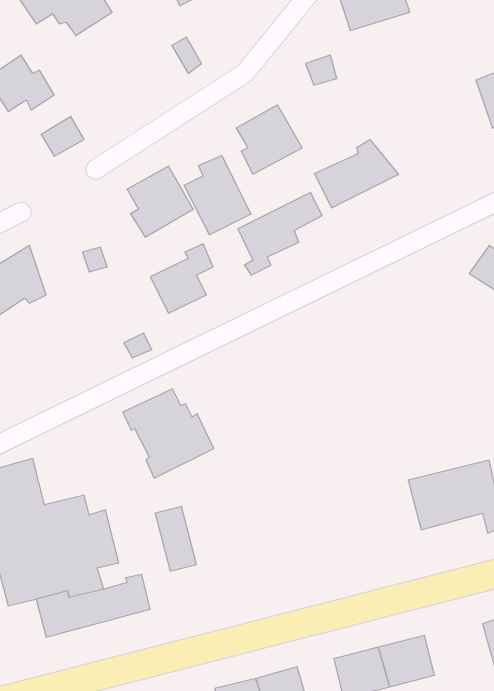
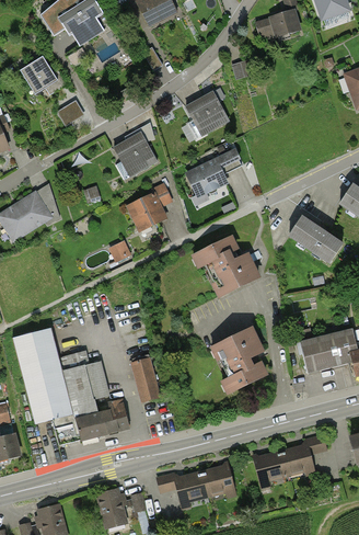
building: [315,140,398,208] -> none
building: [184,156,251,235] -> none
building: none -> [289,216,341,262]
building: [123,389,214,478] -> [197,237,257,296]
building: none -> [211,328,265,389]

